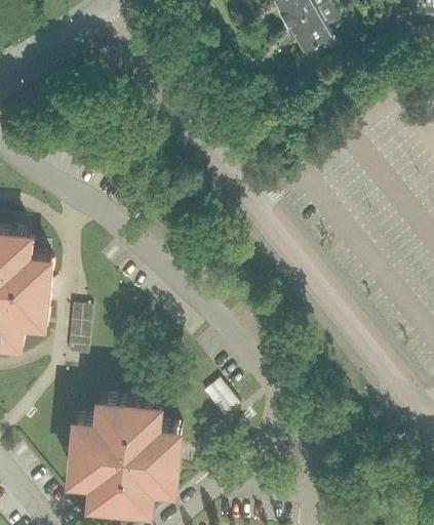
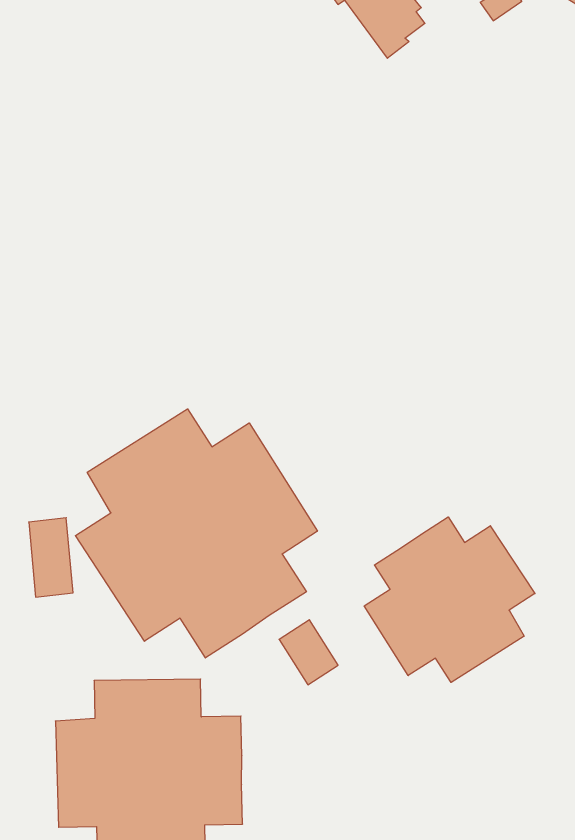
building: none -> [75,409,317,658]
building: none -> [364,517,535,682]

